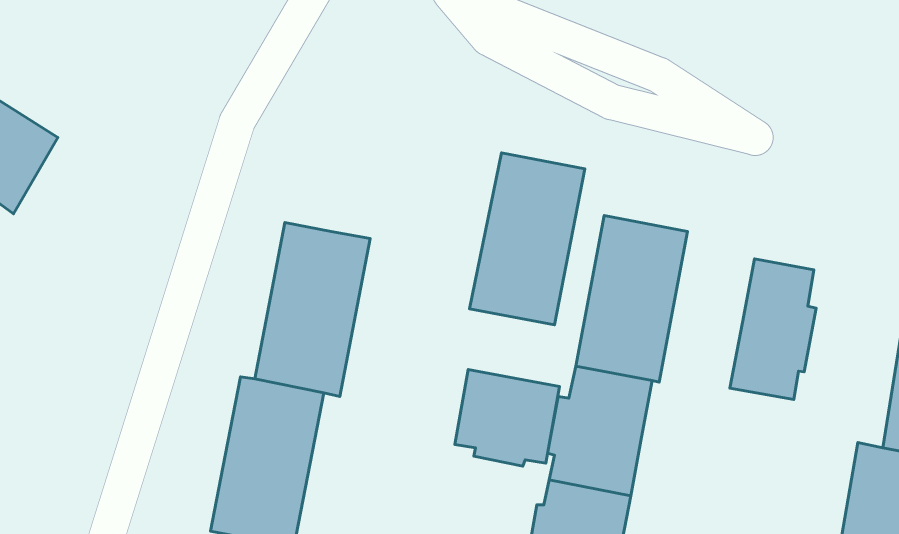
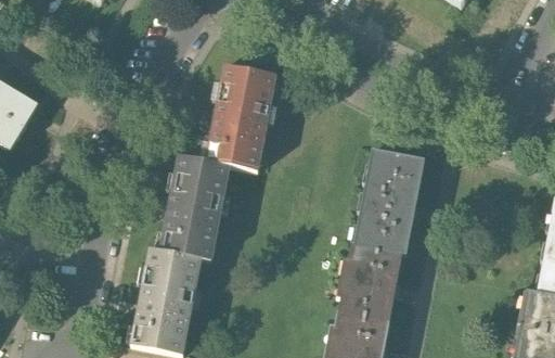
building: [469,153,585,325] -> [206,62,276,167]
building: [730,259,816,399] -> none
building: [455,369,560,466] -> none

